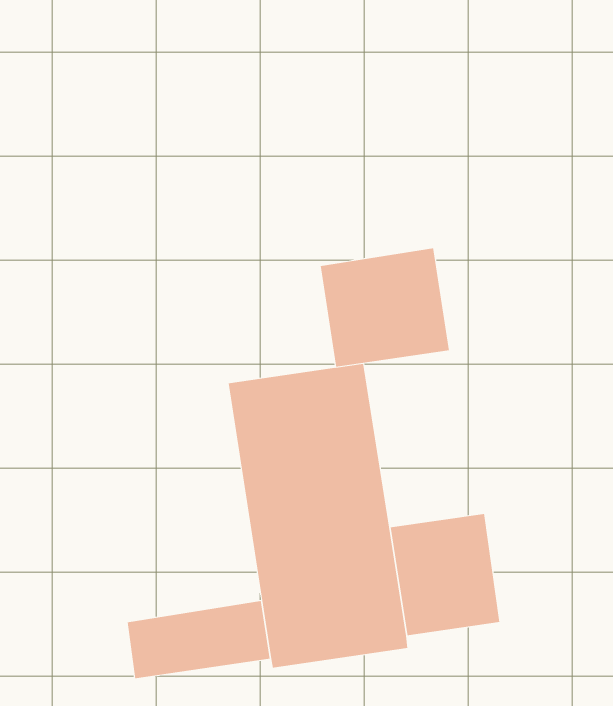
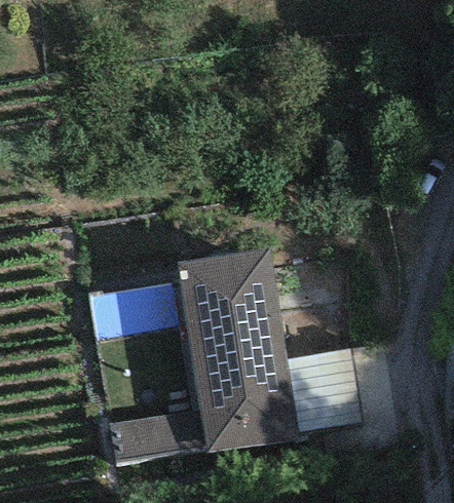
building: [320,247,449,367] -> none

